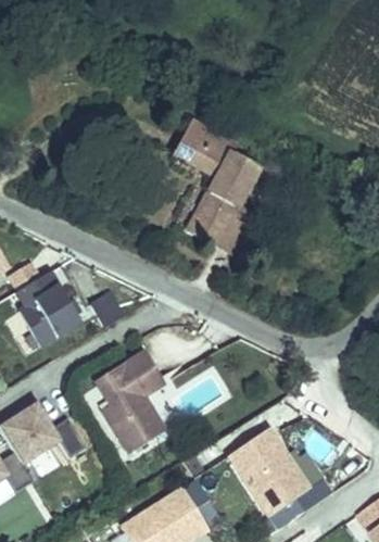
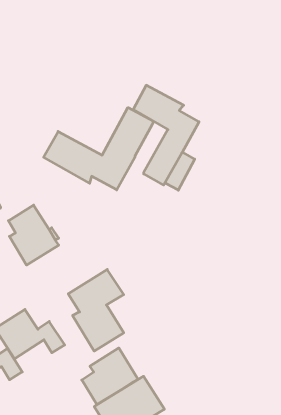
building: none -> [44,108,153,190]
building: [232,426,314,514] -> none
building: none -> [82,348,138,404]

